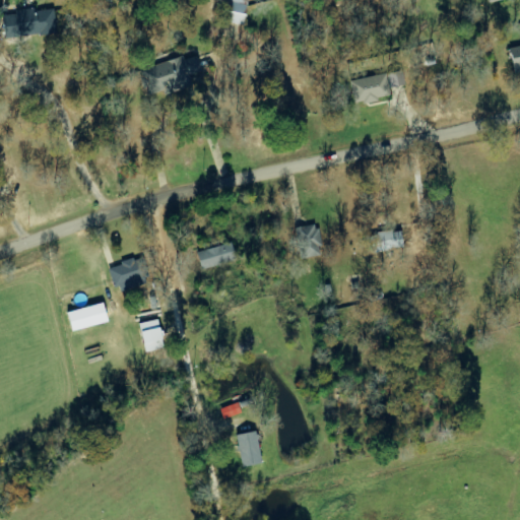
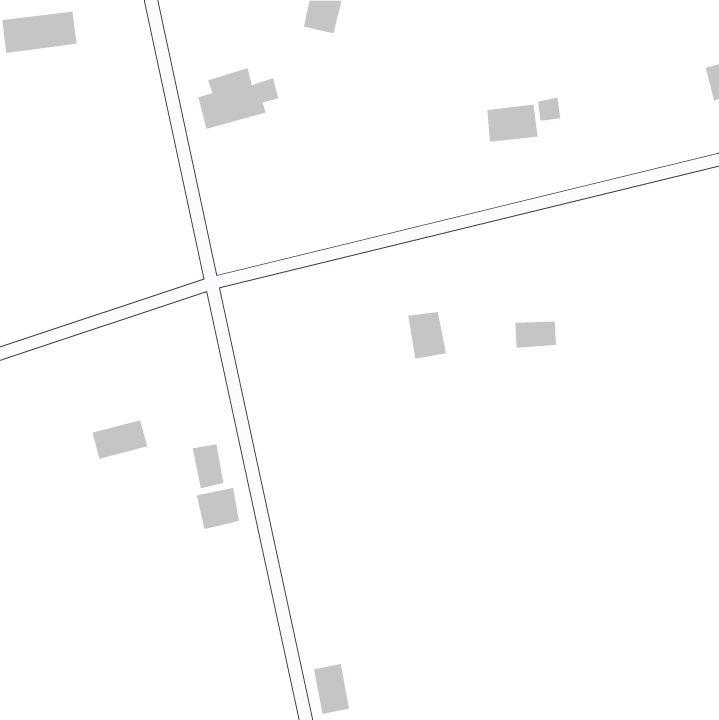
building: [197,244,237,269] -> none
building: [109,257,149,291] -> none
building: none -> [196,487,239,530]
building: [236,431,262,467] -> [313,664,350,714]

